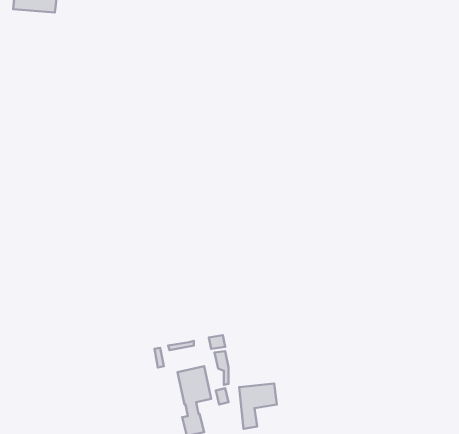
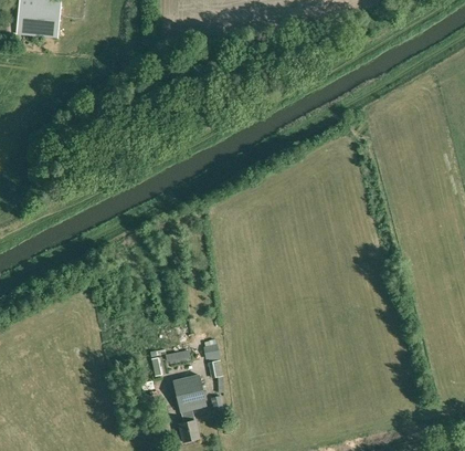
building: [239,384,277,429] -> none

